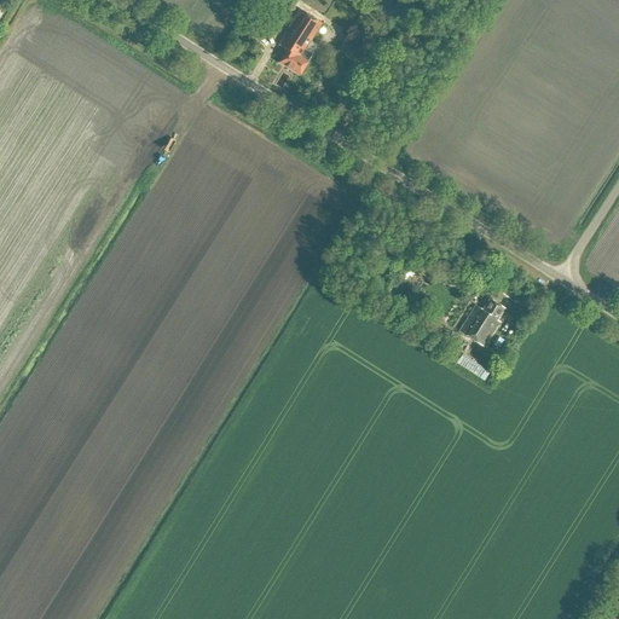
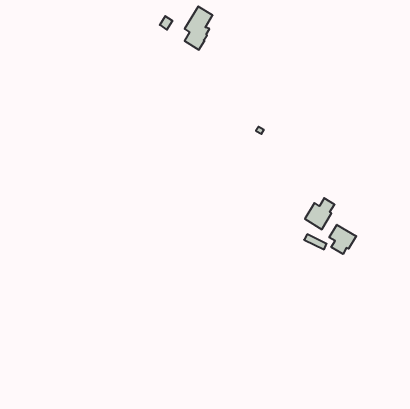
building: none -> [329,225,356,254]

